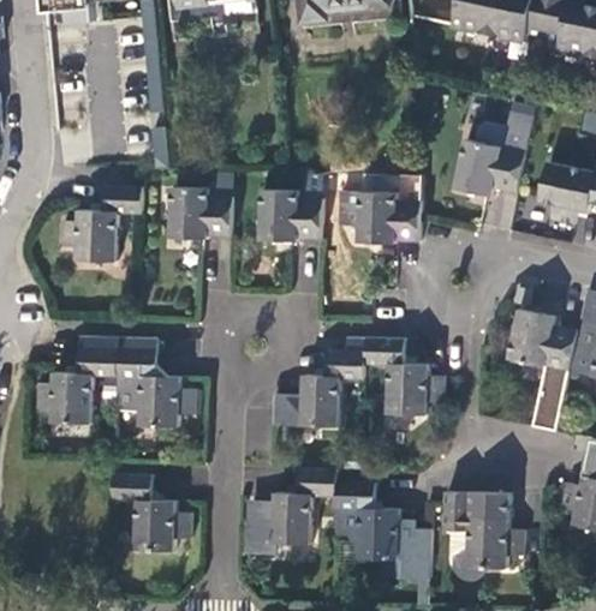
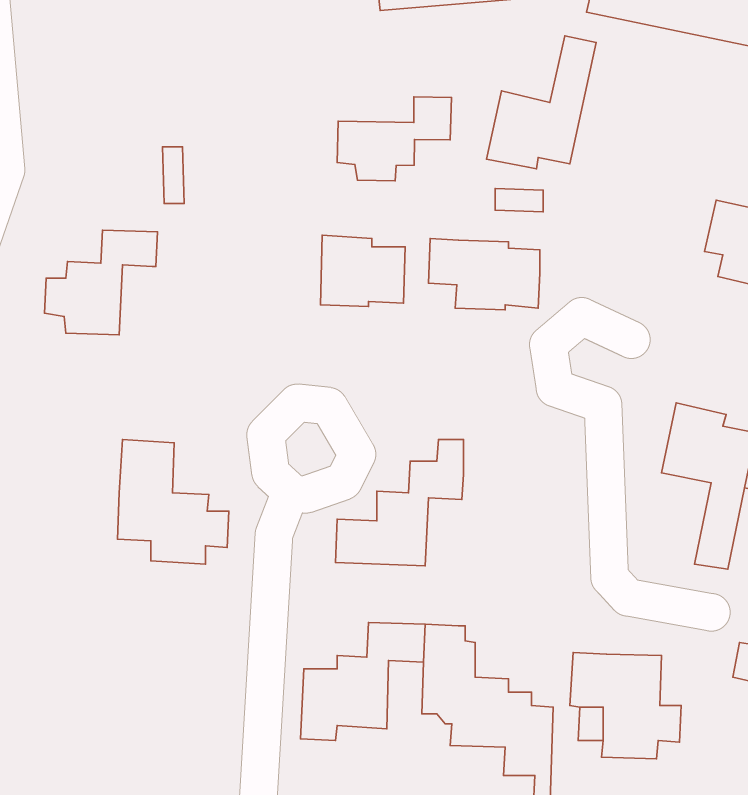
building: none -> [337,97,452,181]
building: [455,98,535,194] -> [487,36,596,169]
building: [171,186,233,236] -> none
building: [36,335,119,423] -> none
building: [365,336,445,413] -> none
building: [112,473,190,551] -> none

